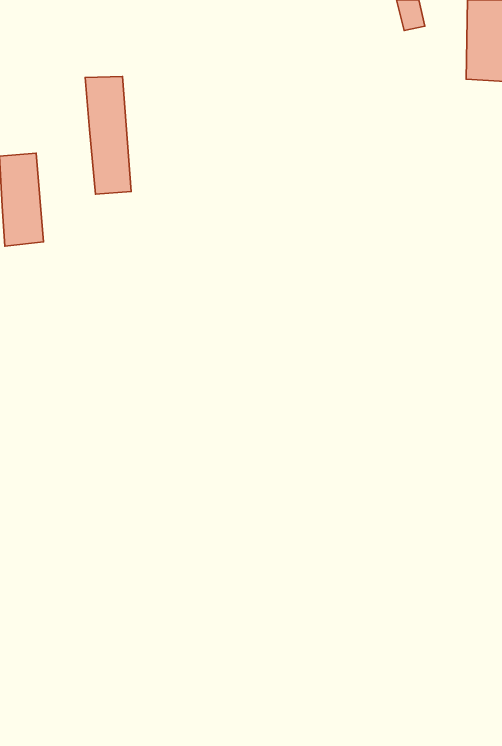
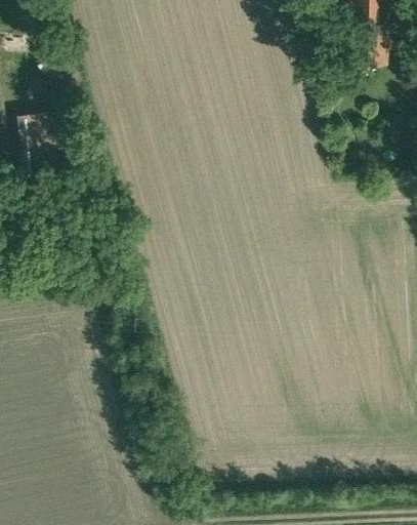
building: [85,76,131,194] -> none

